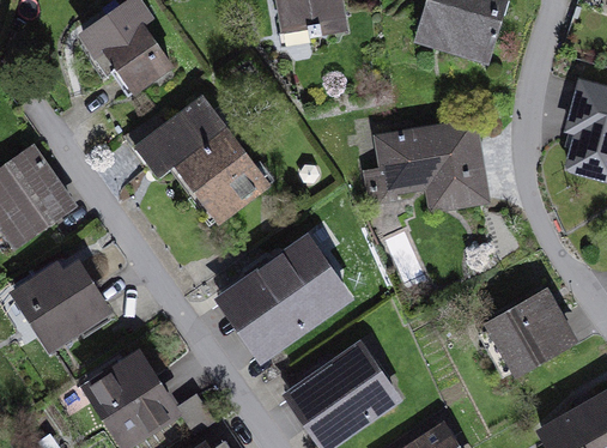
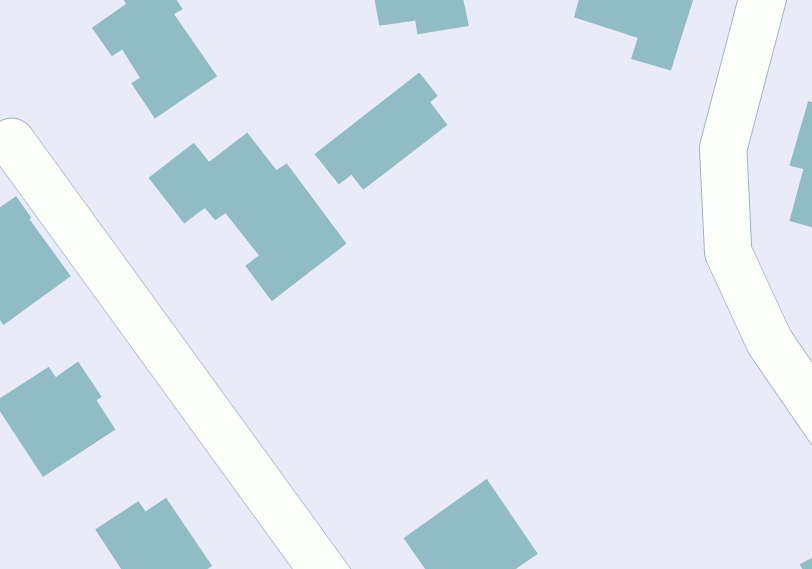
building: none -> [314,72,448,191]
building: [366,127,486,205] -> none
building: [233,241,347,349] -> none
building: [490,295,570,371] -> none

